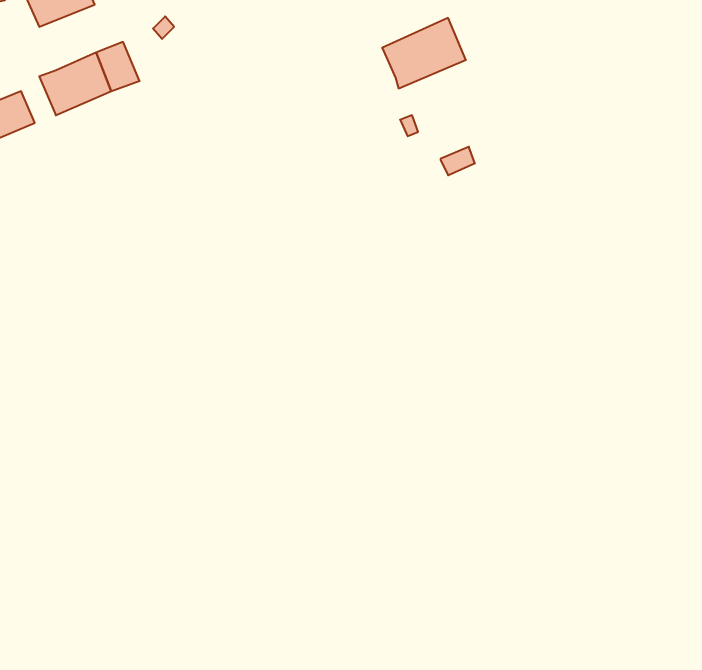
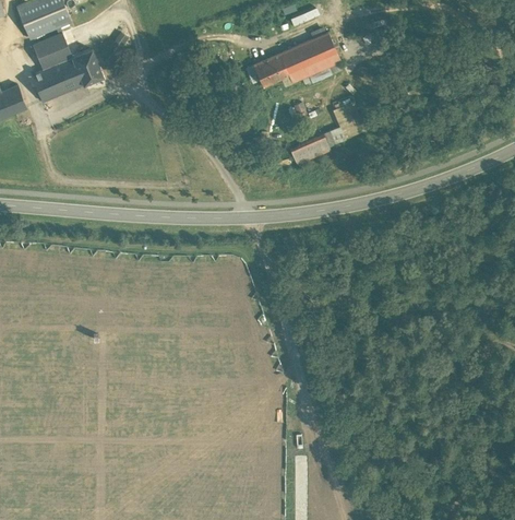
building: none -> [32,33,71,70]
building: none -> [252,54,289,87]
building: none -> [289,135,330,165]

